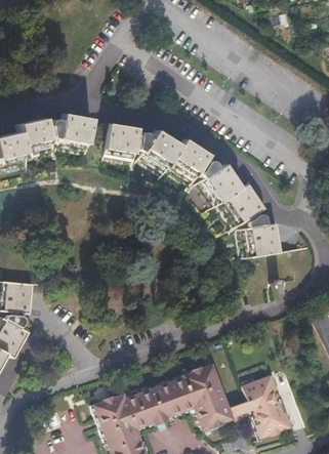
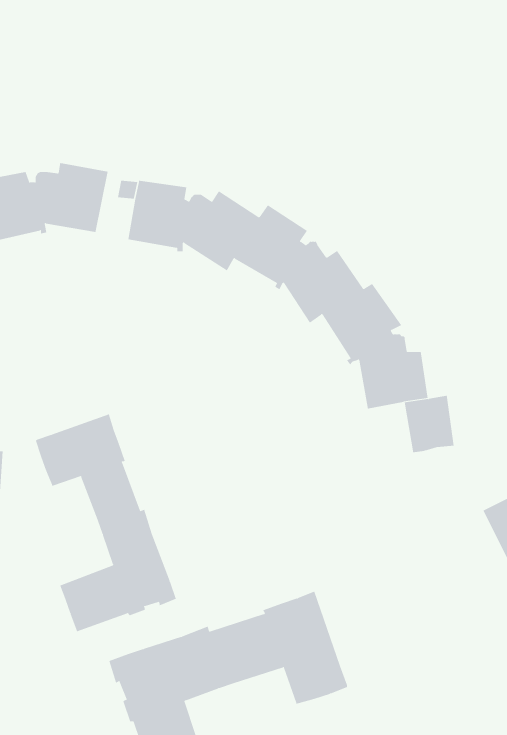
building: none -> [35,414,176,632]
building: [229,375,288,436] -> none

